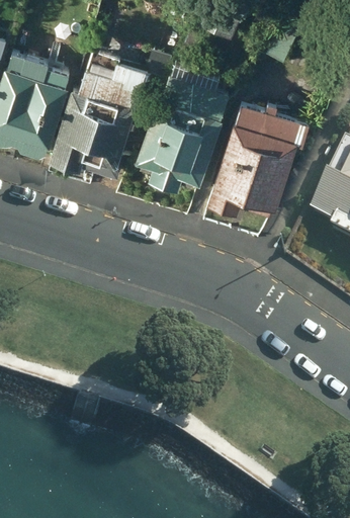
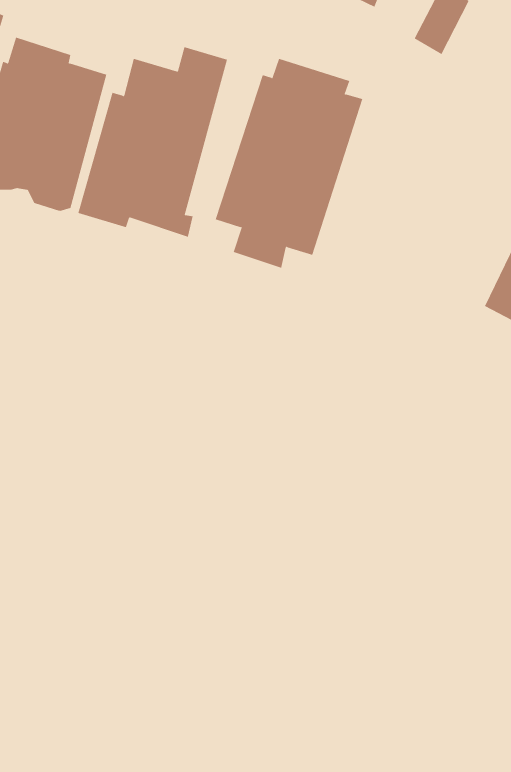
building: [210,93,314,207] -> none

